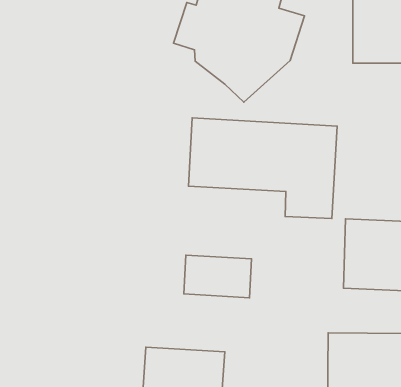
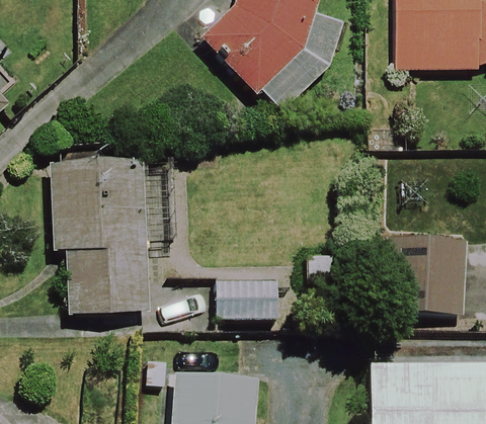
building: [189,118,337,219] -> none
building: none -> [53,162,145,314]

